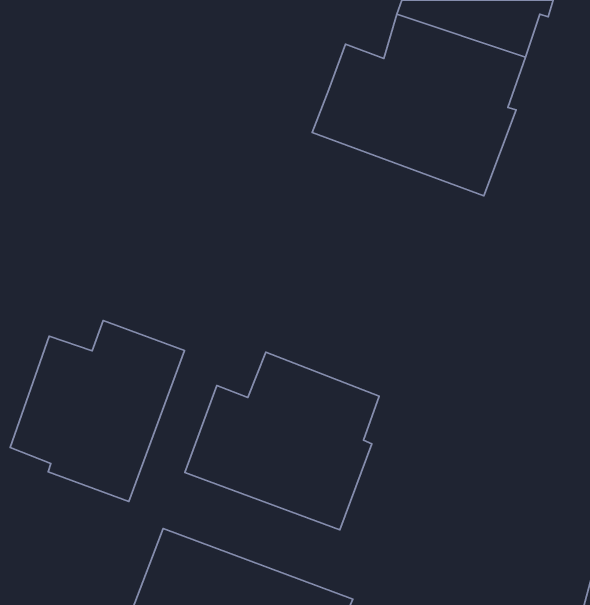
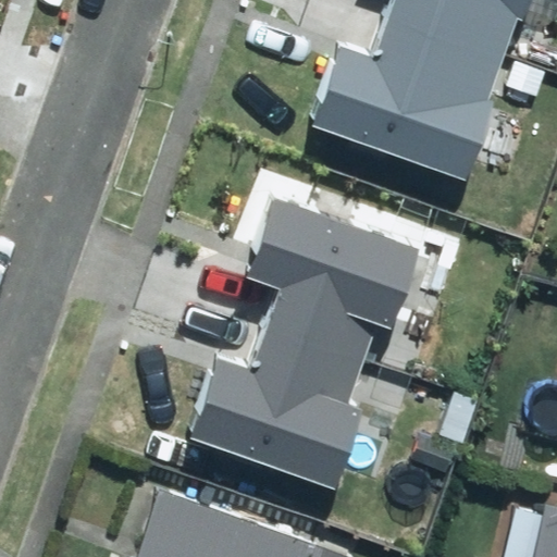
building: none -> [242,197,416,366]
building: [10,320,185,501] -> none

